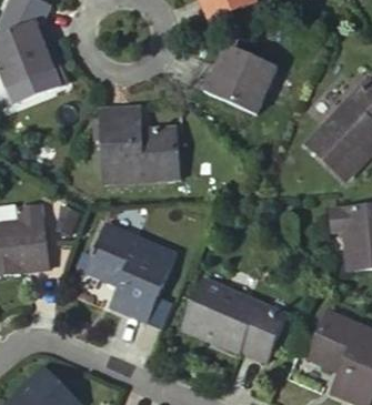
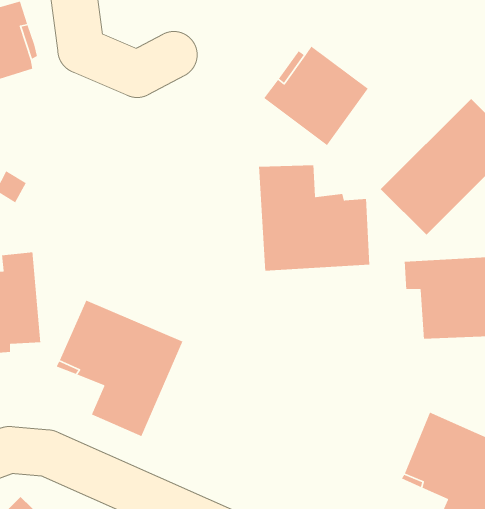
building: [101,100,179,174] -> [258,165,370,272]
building: [190,283,293,363] -> none

